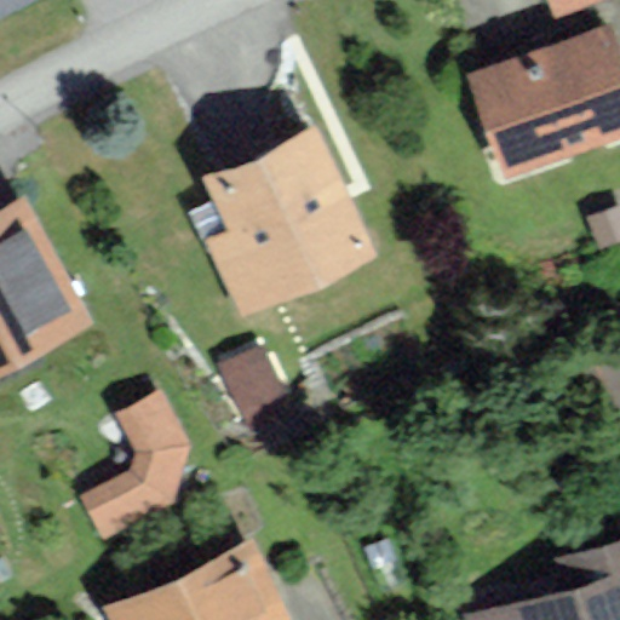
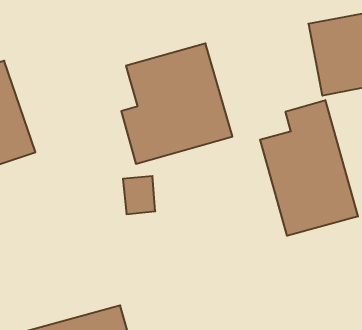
building: none -> [260,100,358,236]
building: [79,396,186,545] -> none

